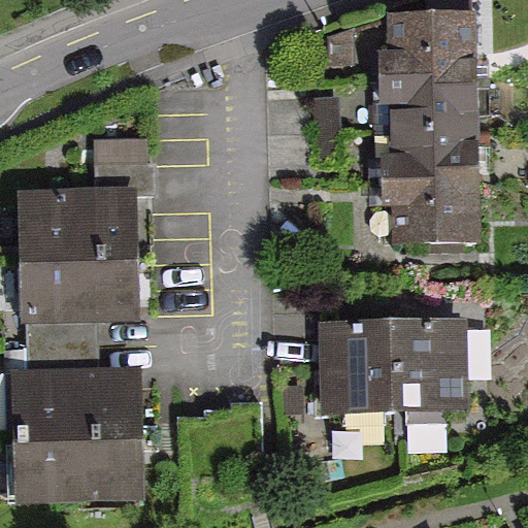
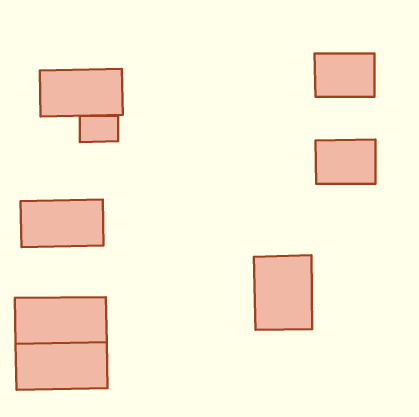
building: [395,12,470,67] -> none
building: [396,122,471,176] -> none
building: [25,193,129,253] -> [40,69,123,117]
building: [391,320,469,414] -> none

